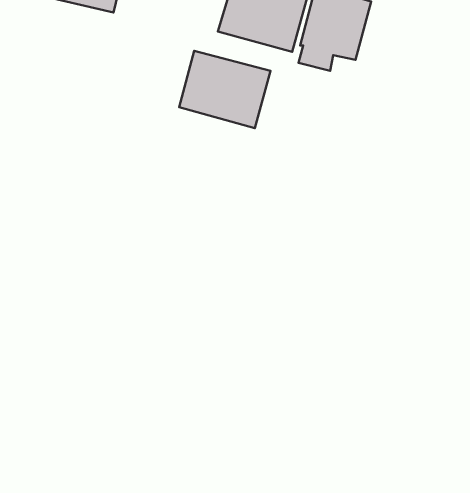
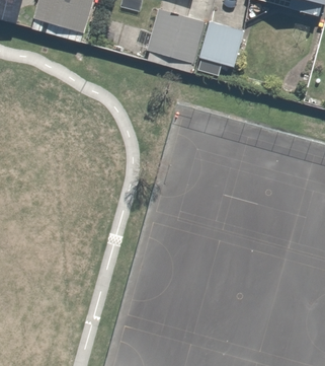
building: [179,51,271,128] -> none

